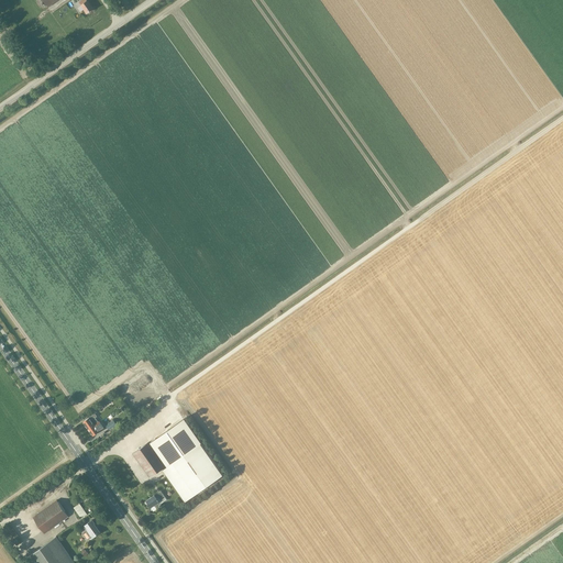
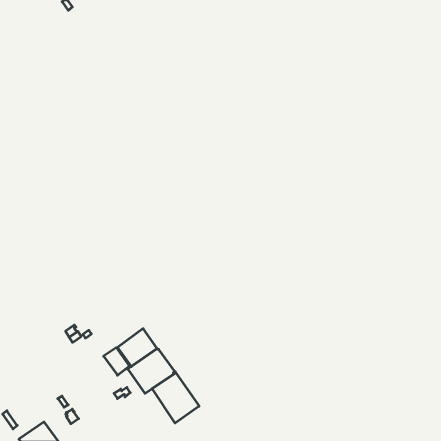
building: none -> [152,373,199,423]
building: [33,501,68,534] -> none

